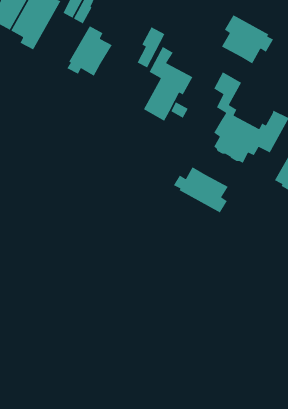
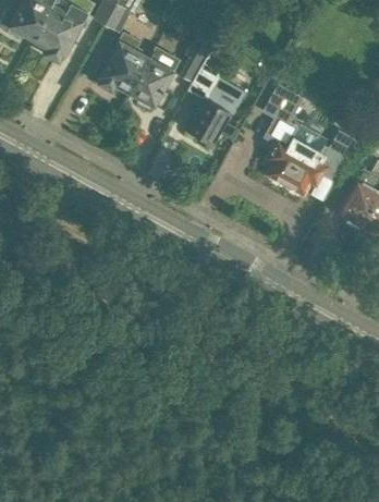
building: [221,14,274,64] -> none
building: none -> [129,41,176,111]
building: [173,166,229,213] -> none

